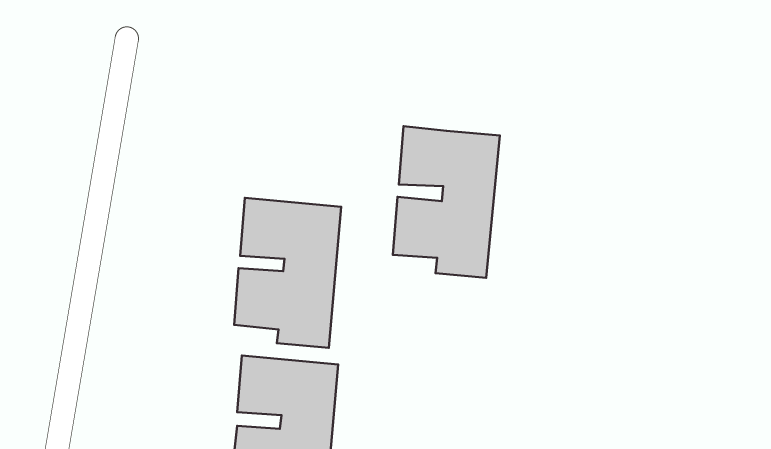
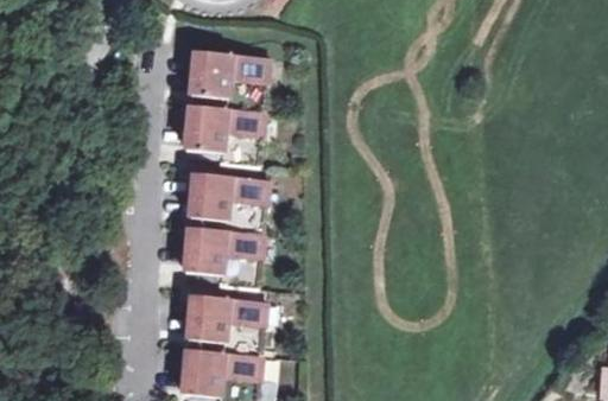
building: [393,126,500,278] -> [183,50,266,167]

